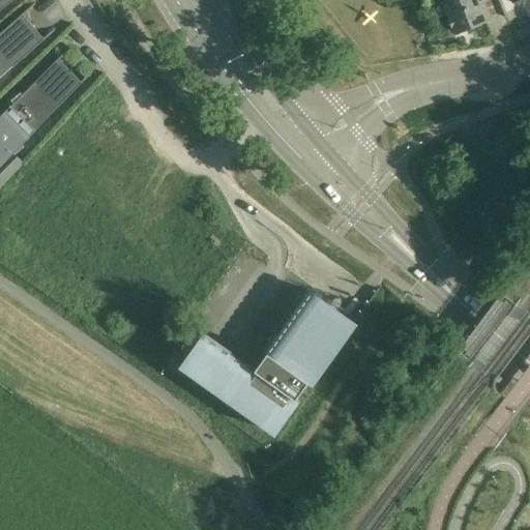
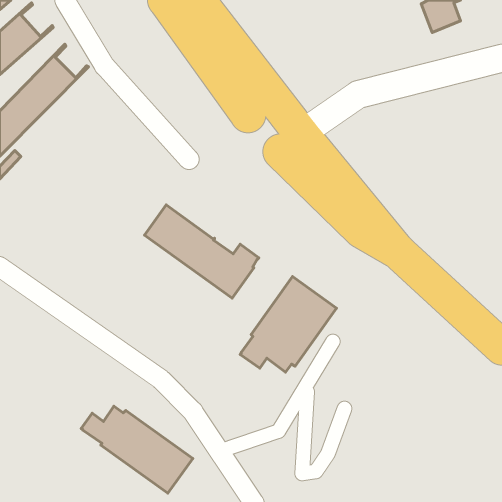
building: [180,336,300,435] -> [145,205,259,298]
building: none -> [81,406,193,493]

